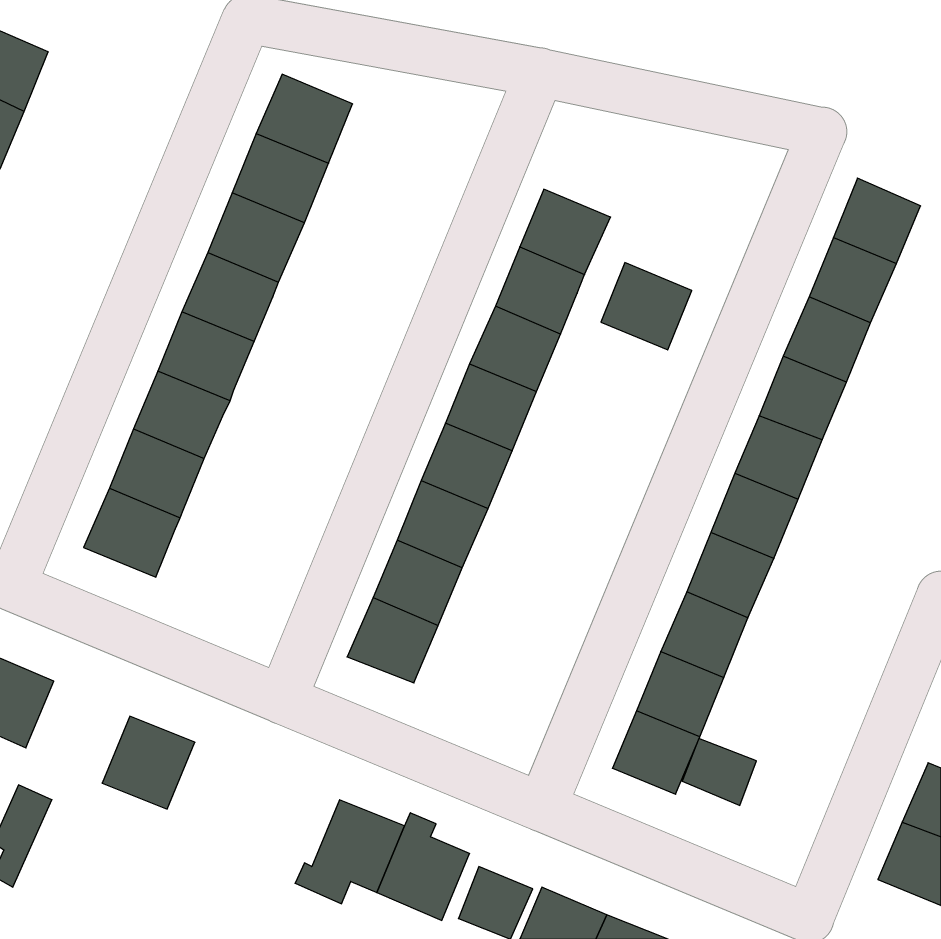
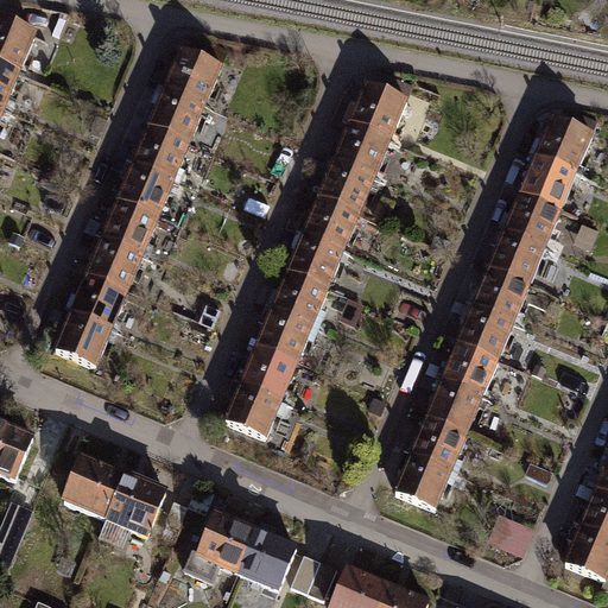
building: [601,263,692,350] -> [348,83,406,139]
building: [682,739,756,805] -> [483,512,531,555]
building: none -> [107,475,166,536]

